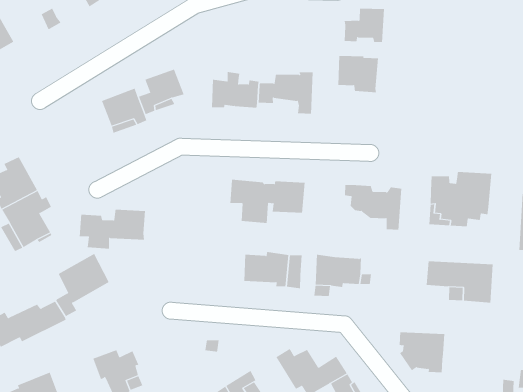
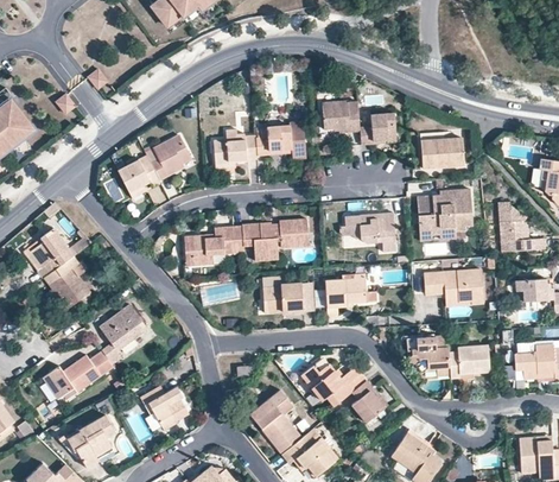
building: [344,8,385,42] -> [358,113,395,146]
building: none -> [421,137,465,167]
building: [79,209,146,249] -> [185,226,244,265]
building: none -> [449,345,490,378]

